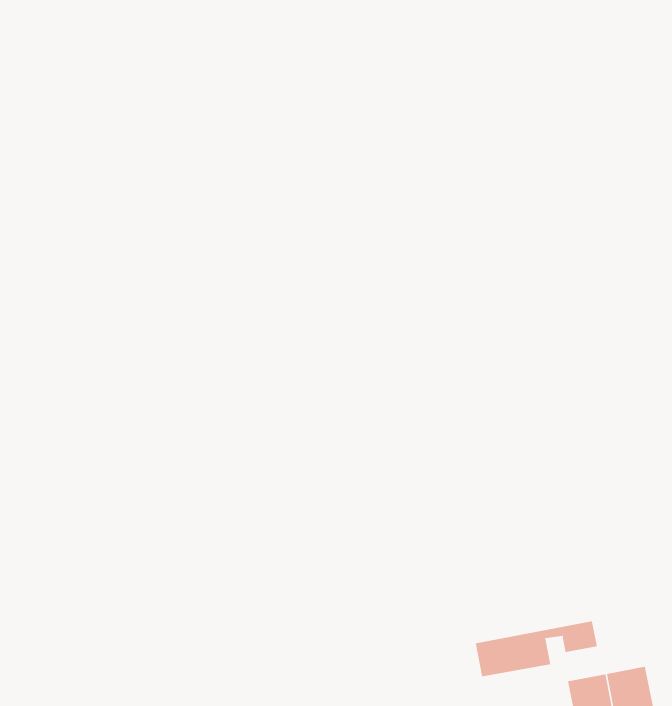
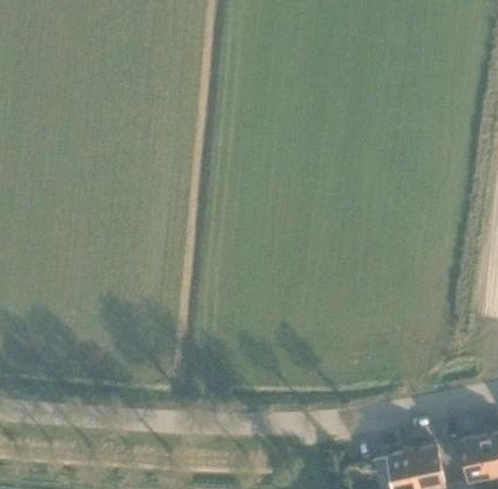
building: [475,621,597,677] -> none

